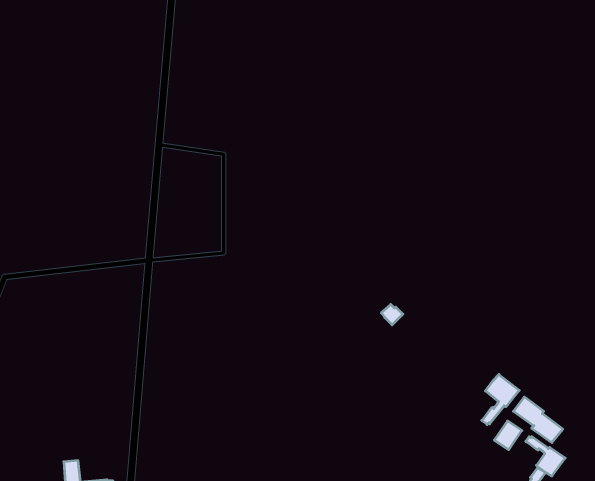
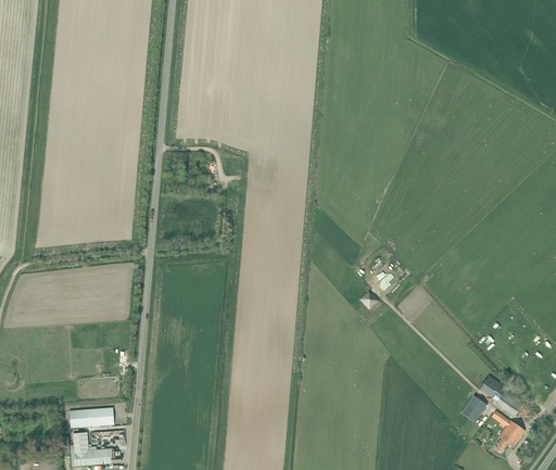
building: [482,374,519,425] -> none
building: none -> [68,407,113,428]

